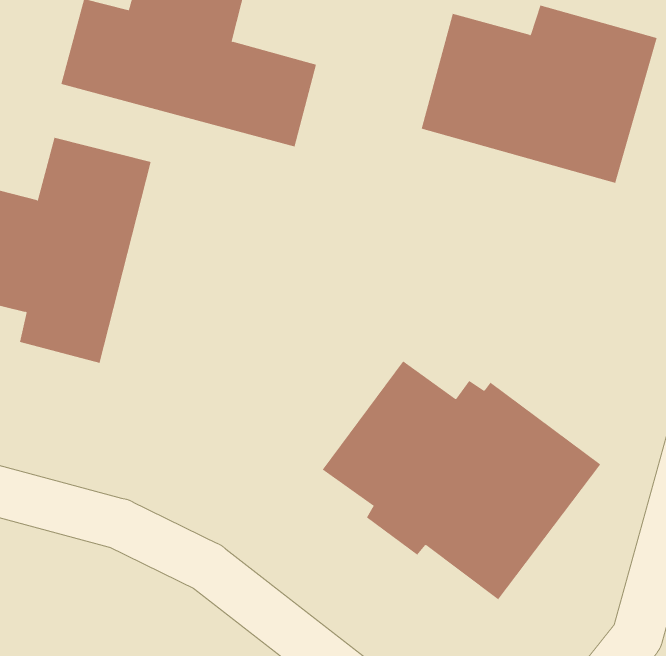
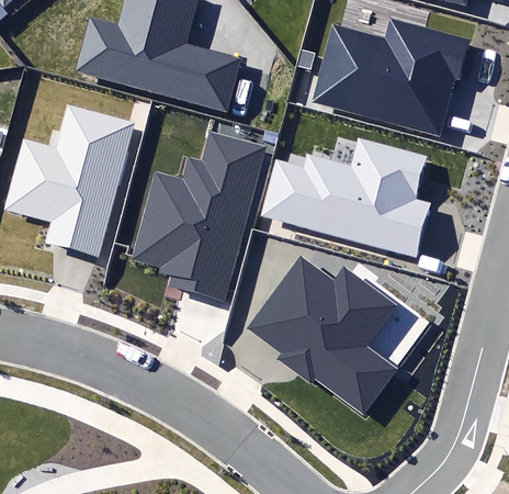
building: none -> [131,135,261,301]
building: none -> [261,137,430,256]

